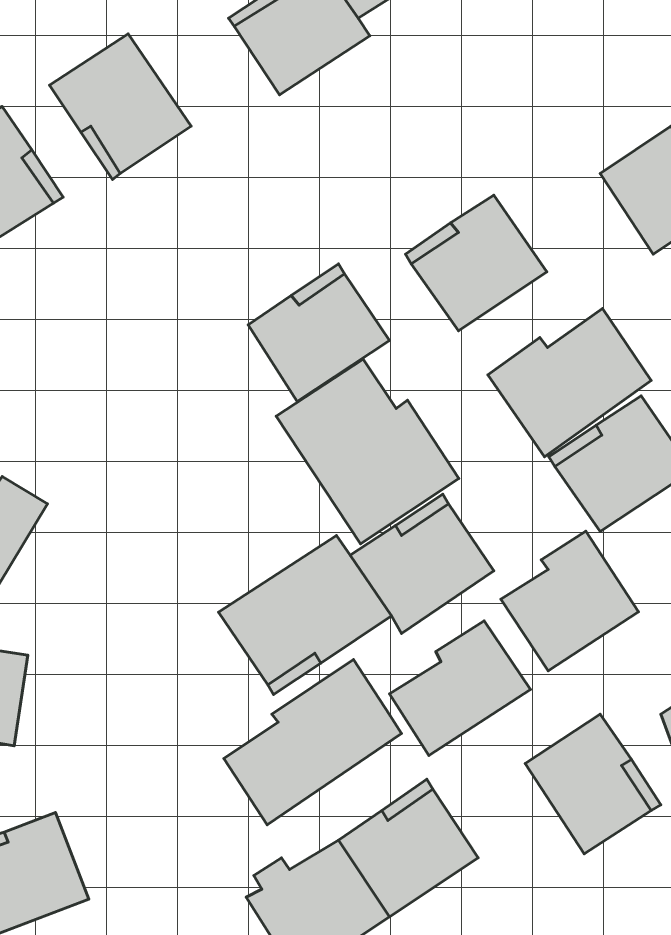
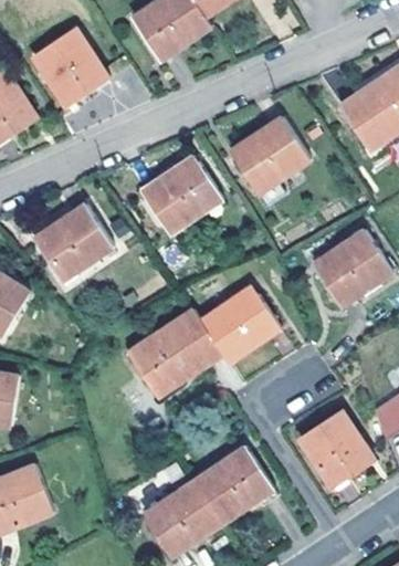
building: [488,309,651,457] -> none
building: none -> [38,202,114,281]
building: [276,359,459,544] -> none
building: [501,531,639,671] -> none
building: [390,621,530,756] -> none
building: [224,660,401,825] -> none

